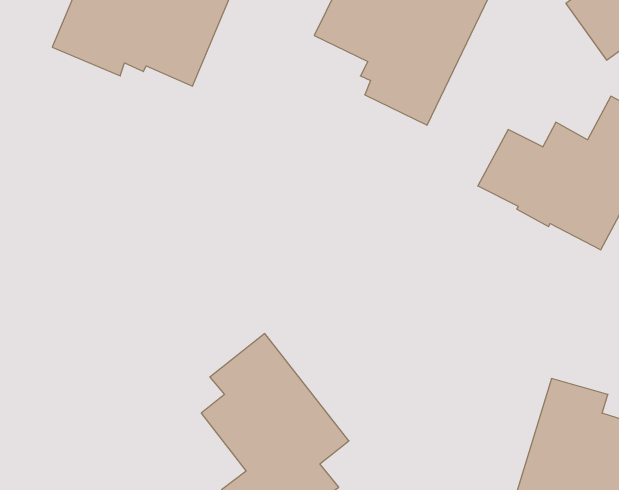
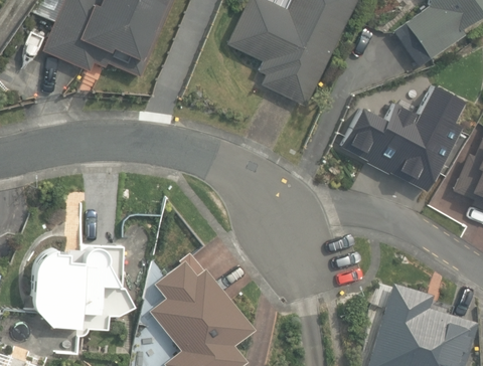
building: none -> [33,243,132,336]

